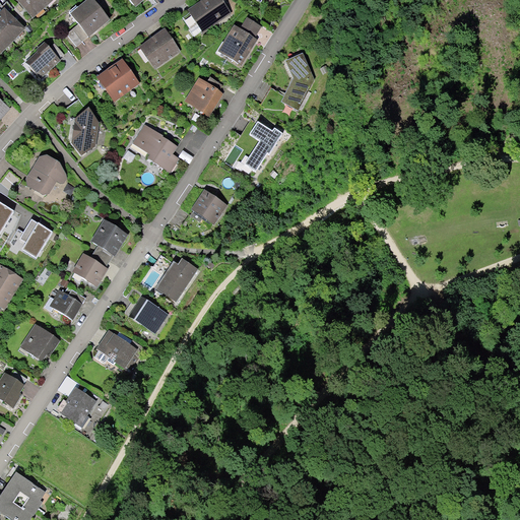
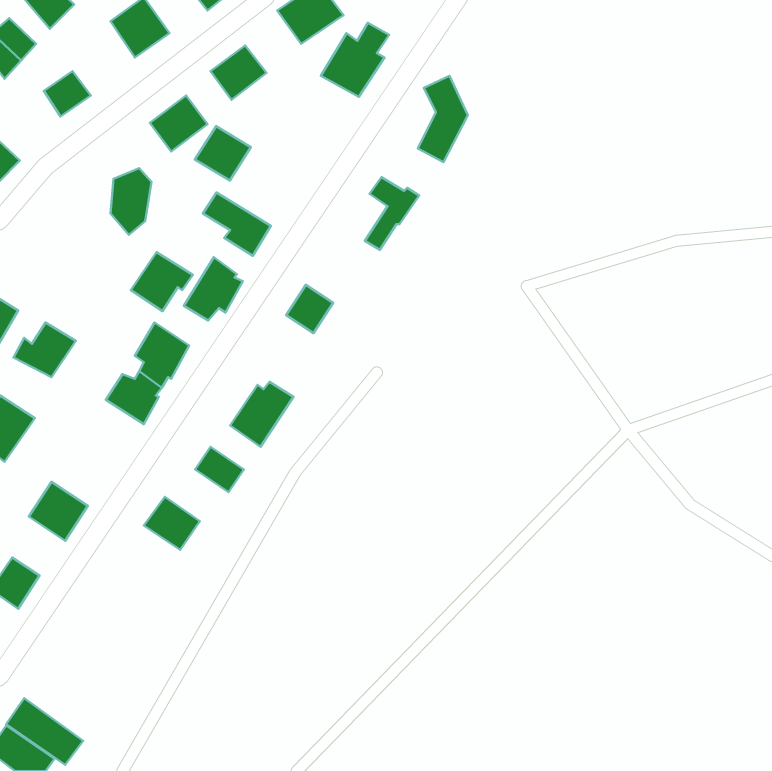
building: [188,79,225,116] -> [195,126,251,181]
building: [28,157,70,197] -> [131,252,193,311]
building: none -> [184,257,243,320]
building: [50,287,85,318] -> none
building: [51,391,93,425] -> none

